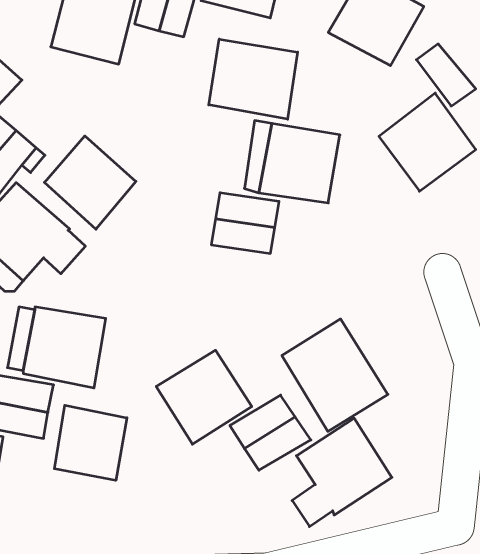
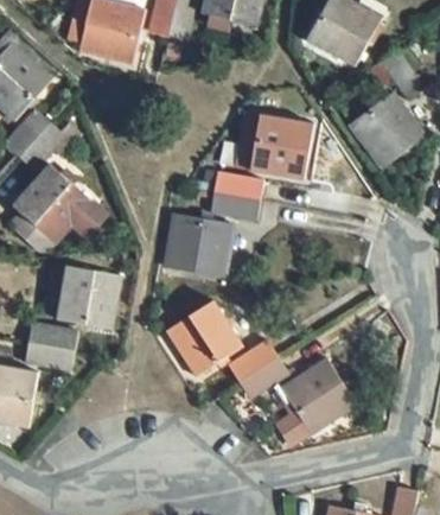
building: [209,39,298,119] -> none
building: [44,136,136,229] -> none
building: none -> [164,212,231,278]
building: [282,319,388,431] -> none
building: [54,405,127,480] -> none

